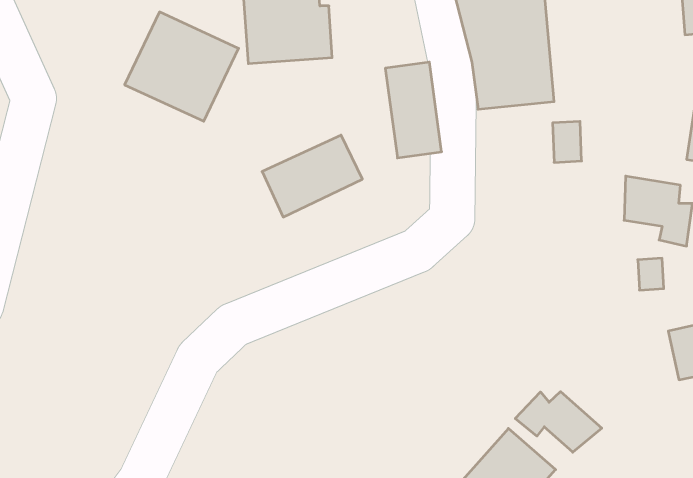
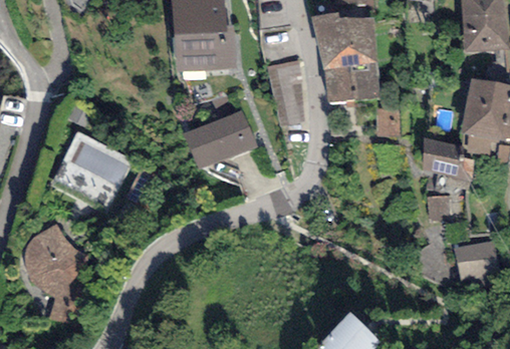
building: [125,12,239,121] -> [55,133,131,206]
building: none -> [28,229,86,323]
building: [515,392,602,452] -> none

